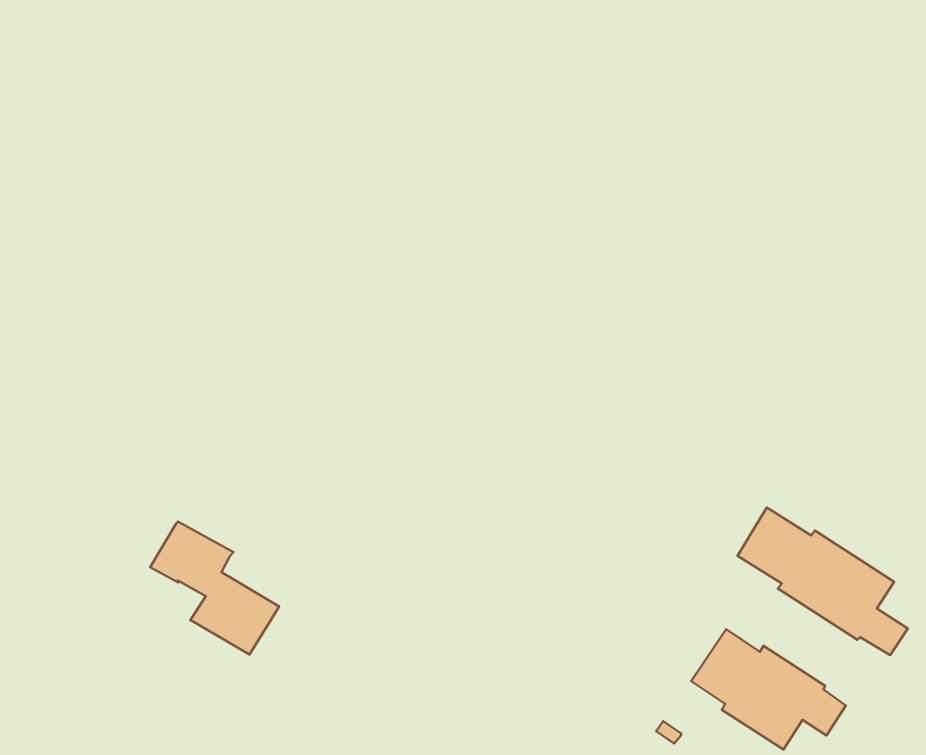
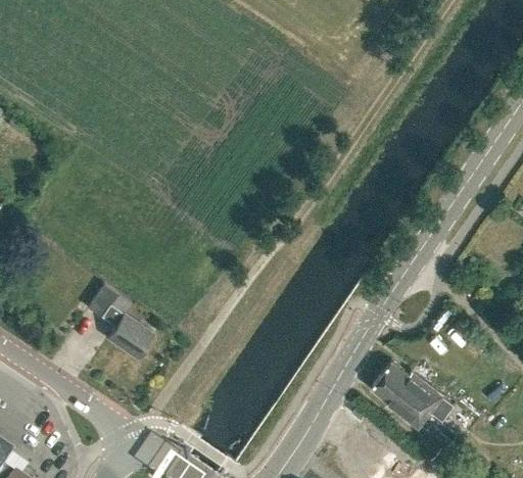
building: [737,508,908,655] -> none

